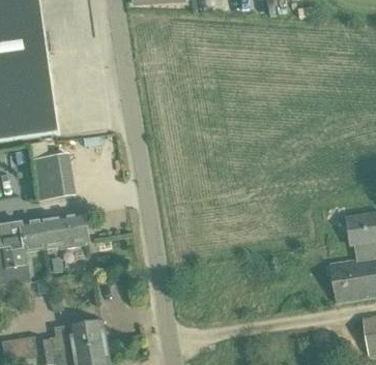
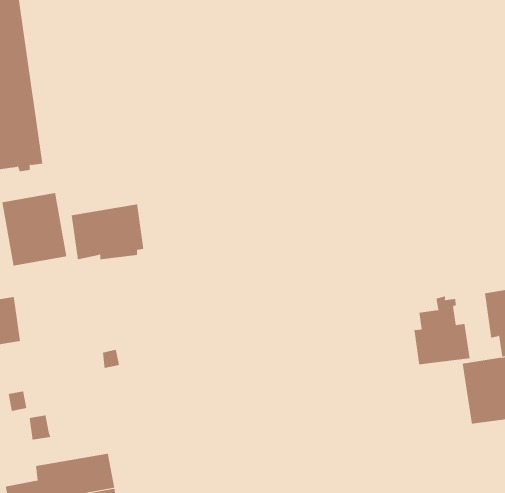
building: [40,212,88,248] -> [71,204,144,260]
building: none -> [414,296,470,365]

